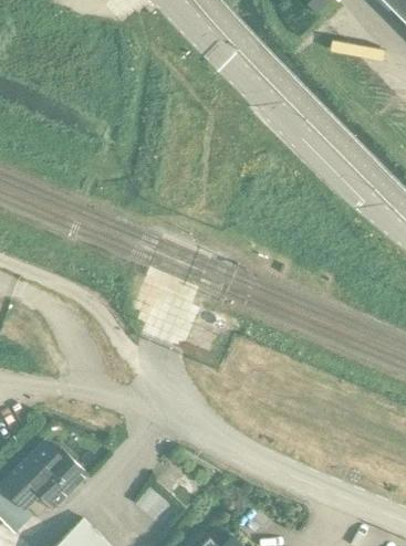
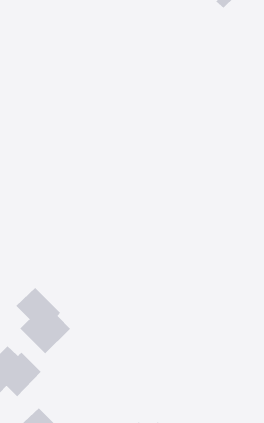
building: none -> [16,287,71,354]

